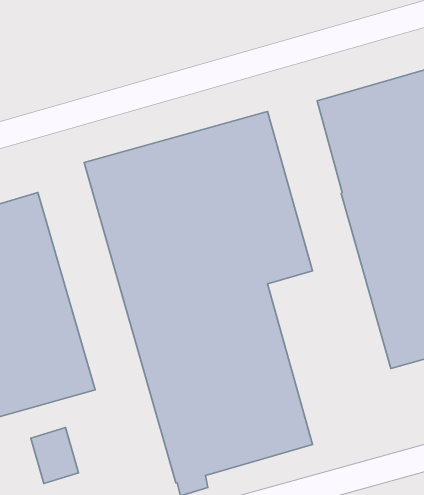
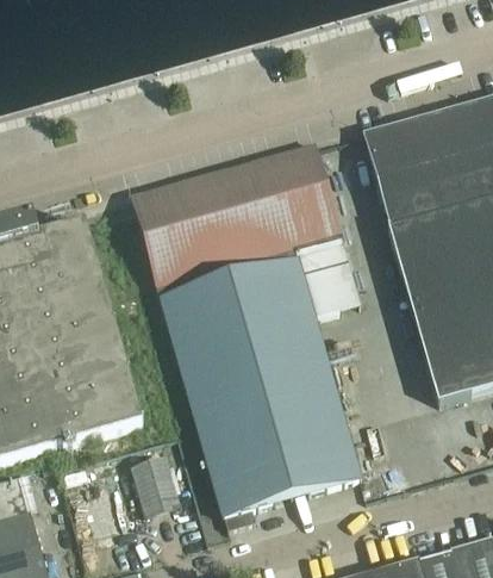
building: [31,428,78,484] -> [131,455,179,511]

